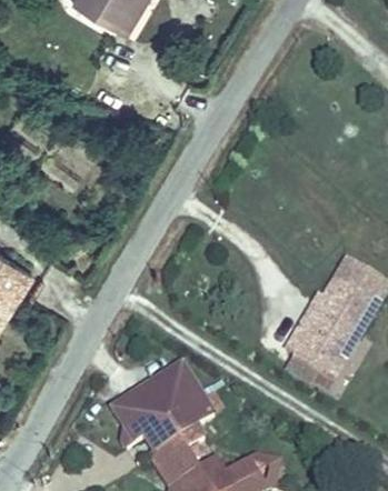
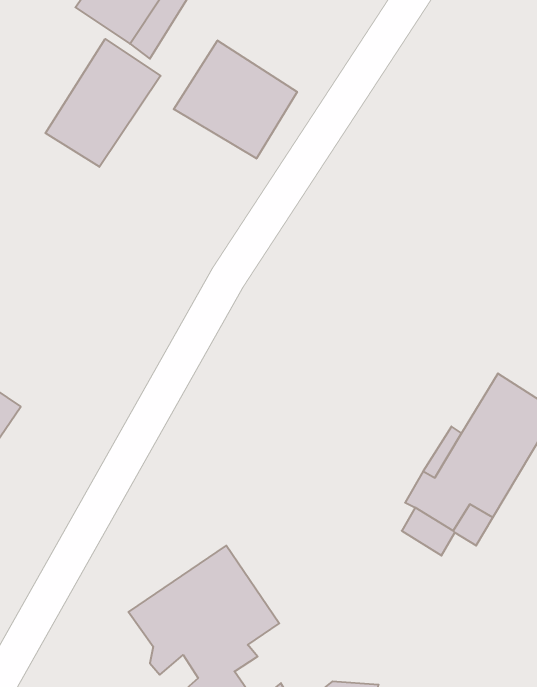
building: none -> [45,39,161,167]
building: none -> [174,40,297,159]

